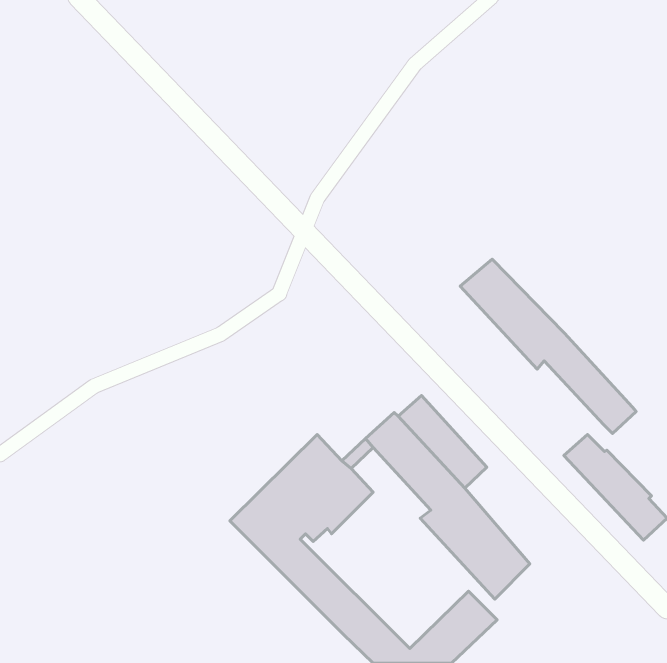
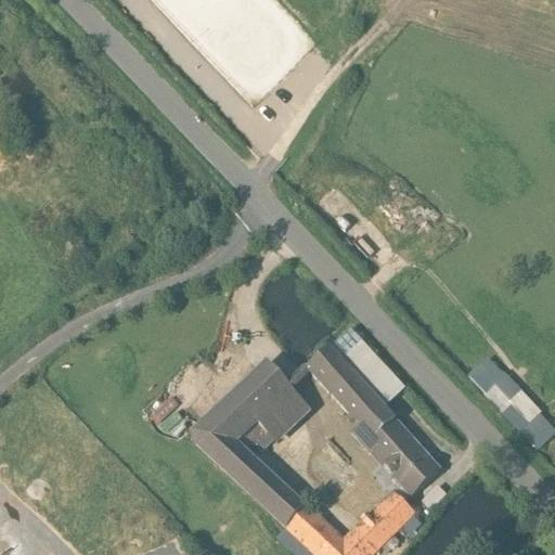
building: [460,259,636,434] -> none

